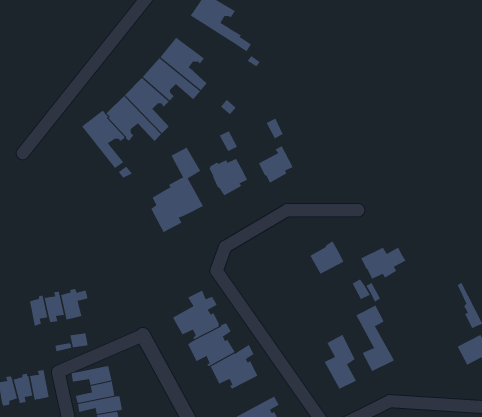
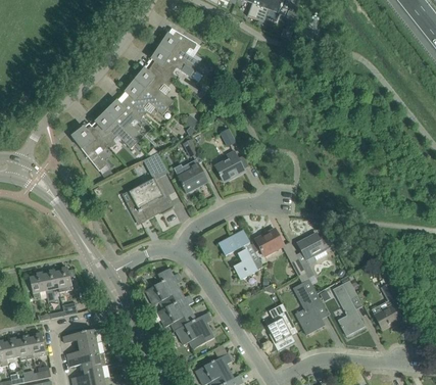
building: none -> [147,46,195,81]
building: none -> [217,229,261,279]
building: none -> [332,281,364,335]

